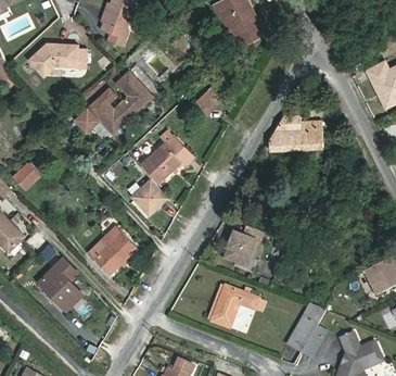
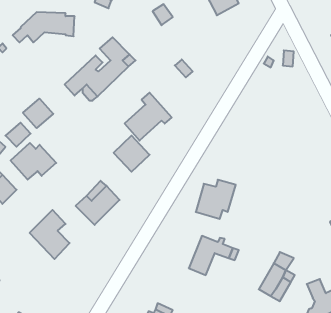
building: [268,115,320,151] -> none
building: none -> [23,99,53,128]
building: none -> [11,143,56,180]

